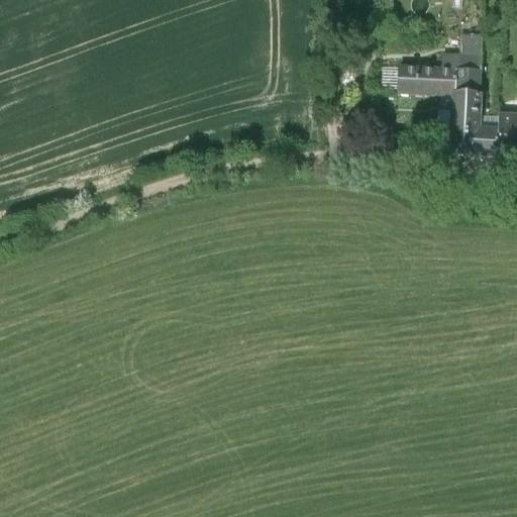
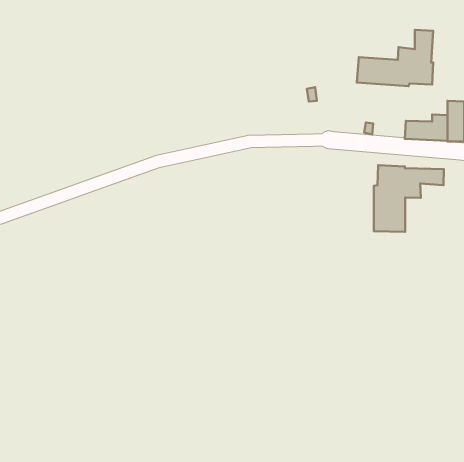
building: [451,93,482,135] -> none
building: none -> [374,165,444,232]

